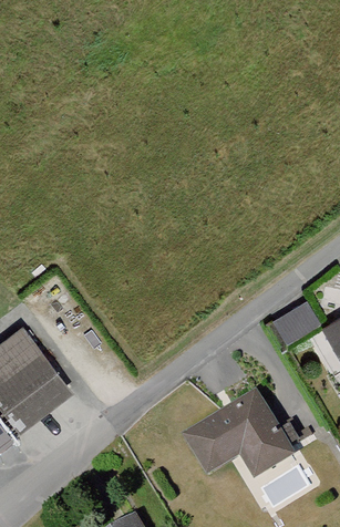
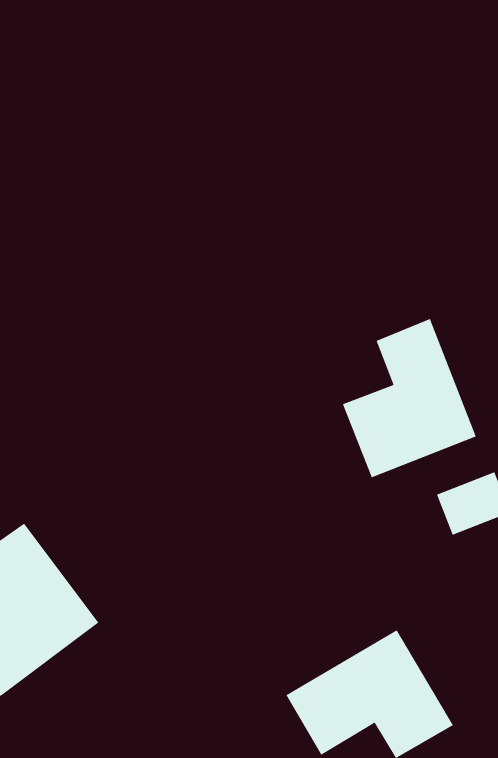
building: none -> [342,318,476,478]

